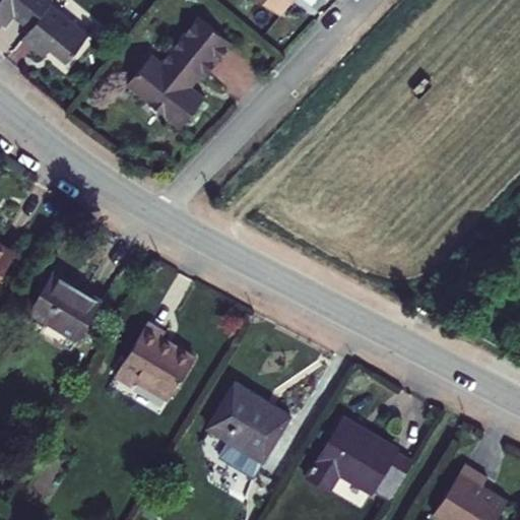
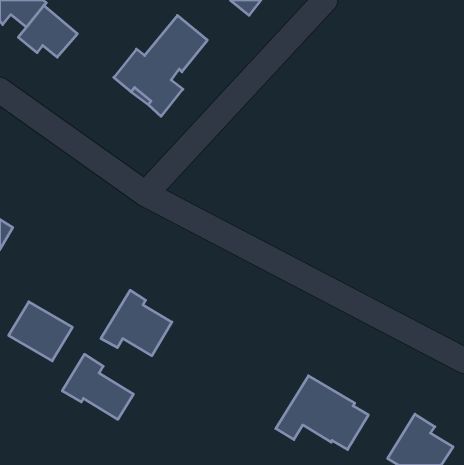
building: [28,273,100,339] -> [9,302,72,361]
building: [206,383,289,477] -> none
building: none -> [62,354,133,419]

